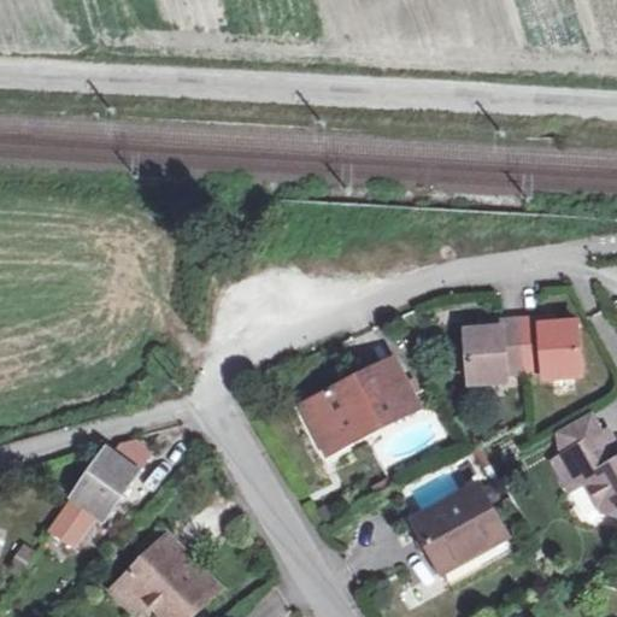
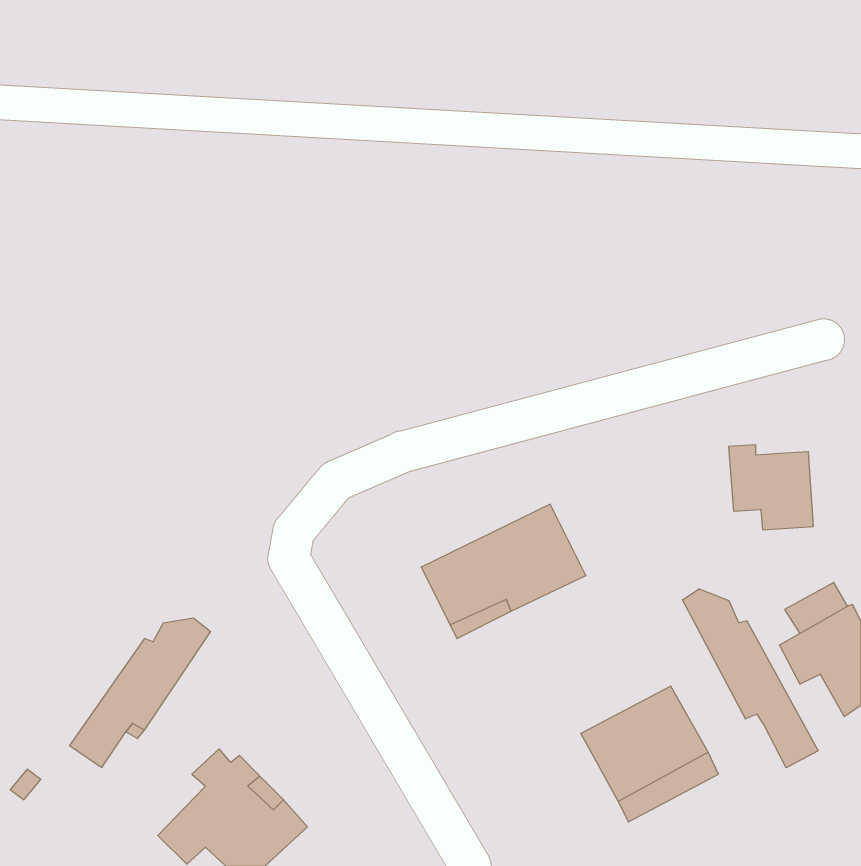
building: [463,317,521,380] -> none
building: none -> [682,589,818,768]

